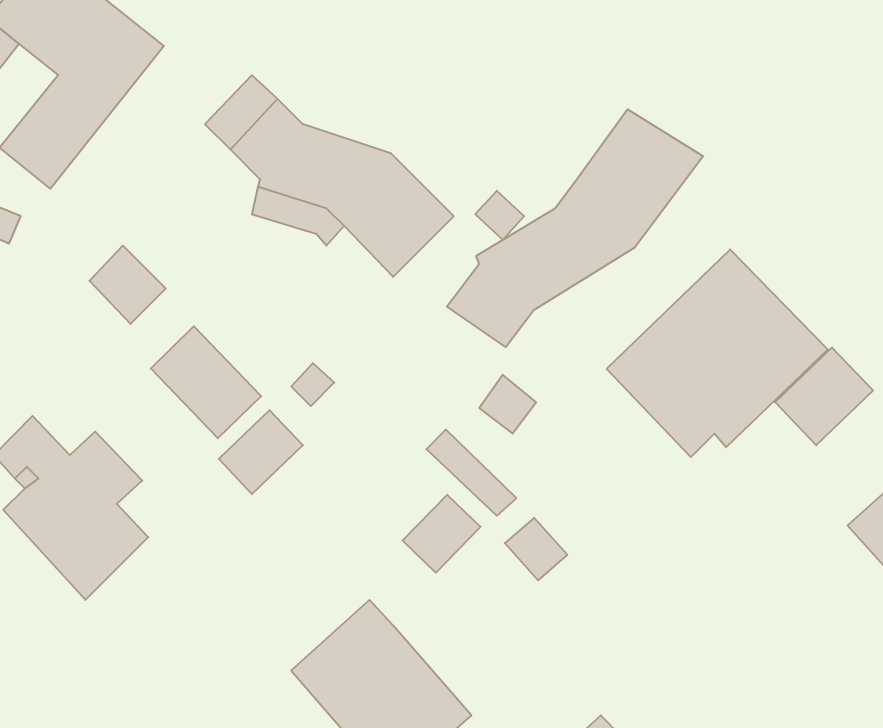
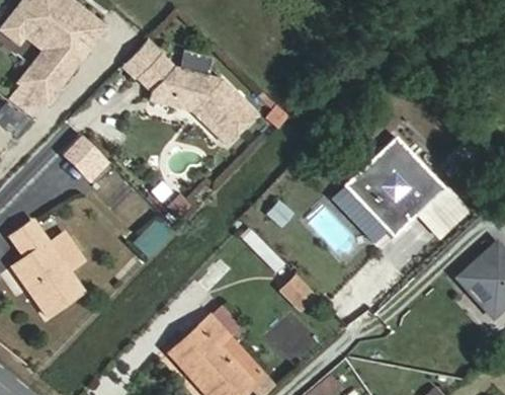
building: [447,109,703,347] -> none
building: [151,326,261,438] -> none
building: [403,495,481,573] -> none

